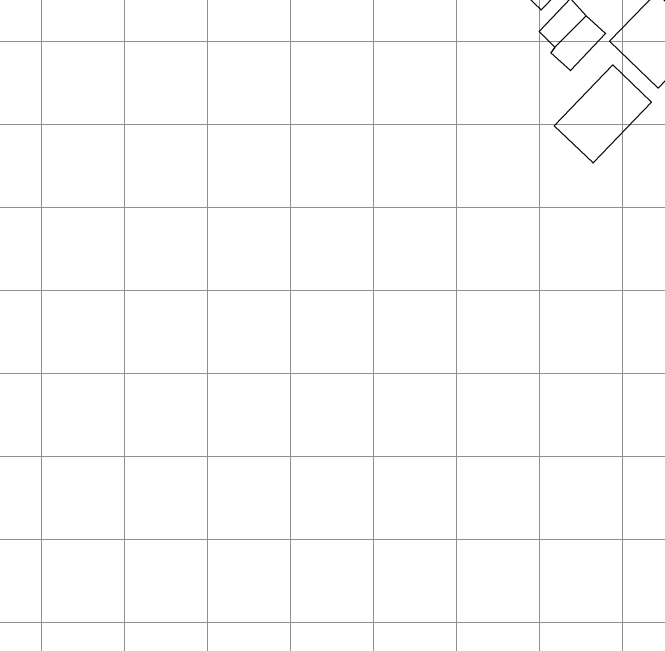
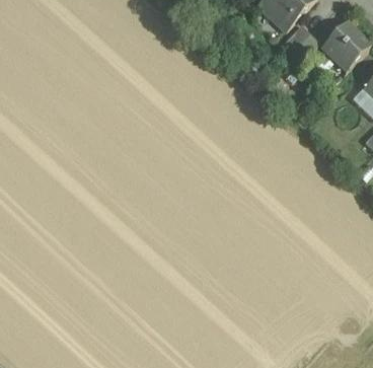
building: [554,65,651,163] -> none

